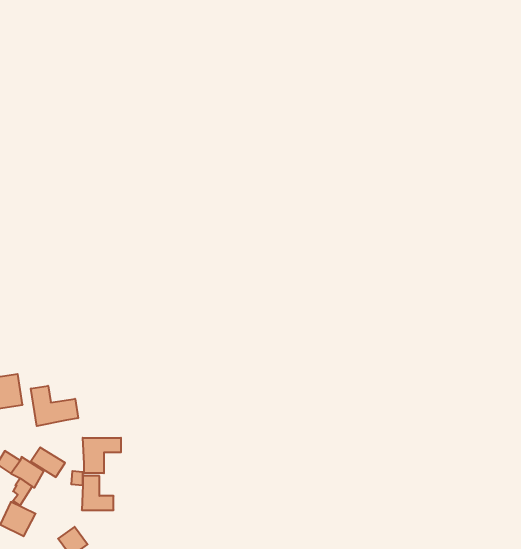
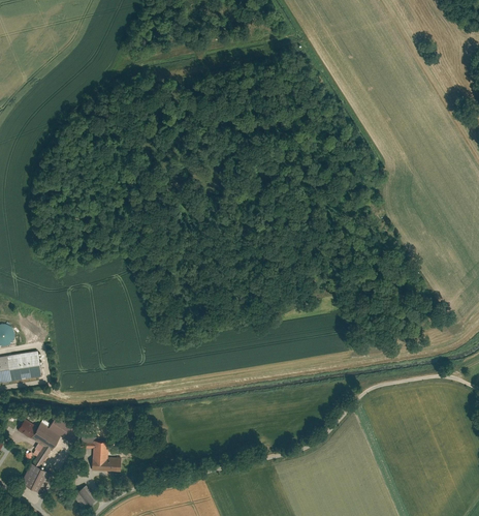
building: [31,386,78,426] -> none
building: [83,438,121,473] -> none

